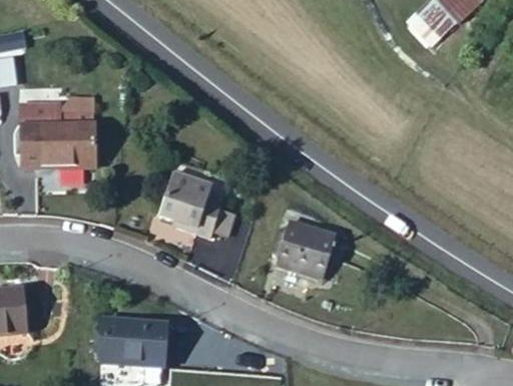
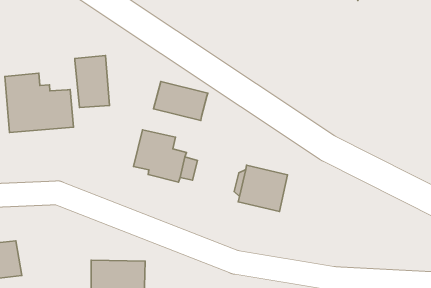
building: none -> [75,56,110,108]
building: none -> [154,81,208,120]

